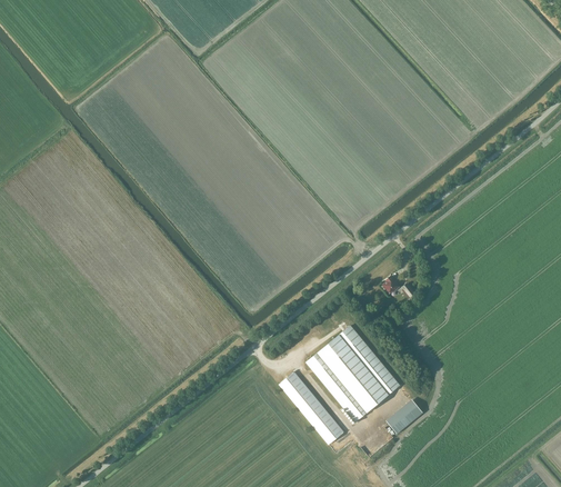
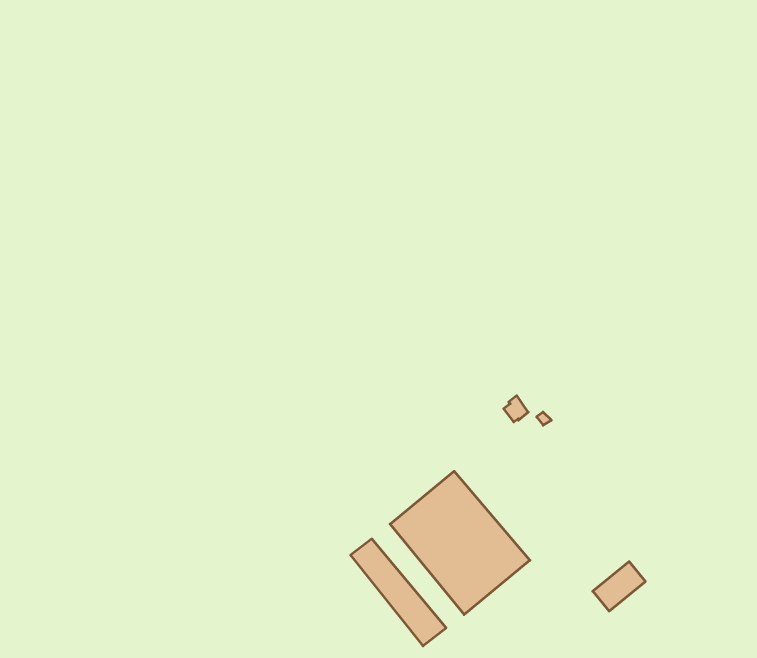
building: [387,399,422,433] -> [593,562,645,611]

